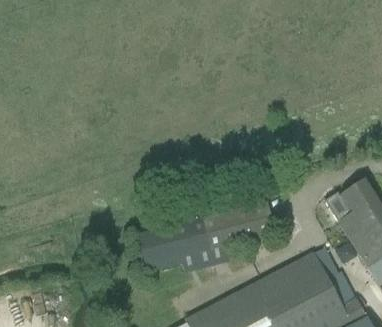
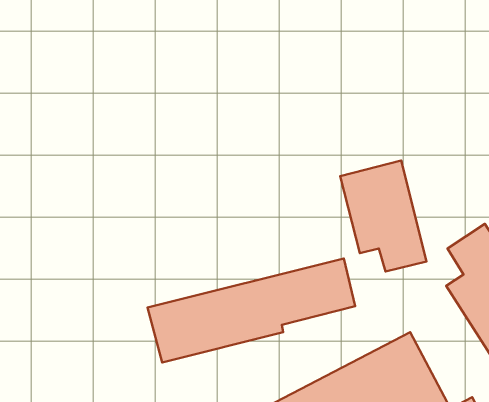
building: none -> [340,161,426,272]

